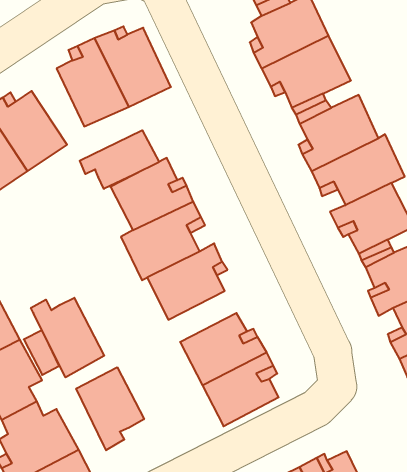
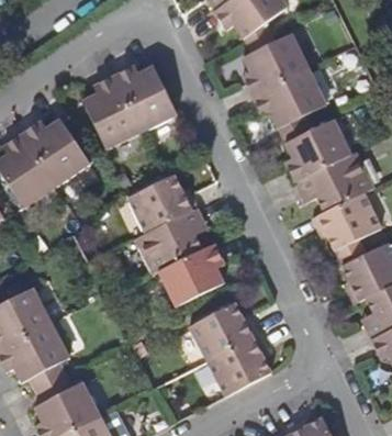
building: [80,130,159,189] -> none
building: [31,298,104,377] -> none
building: [76,367,144,450] -> none

